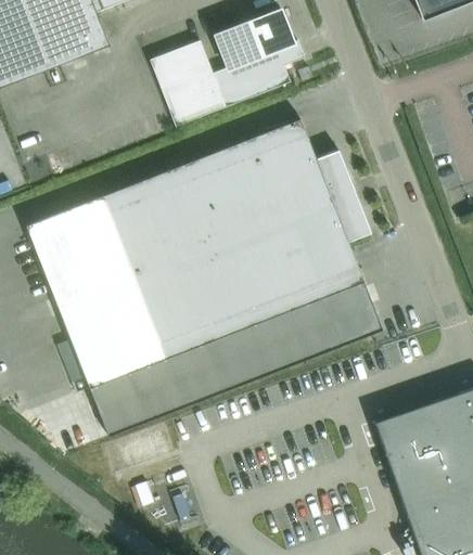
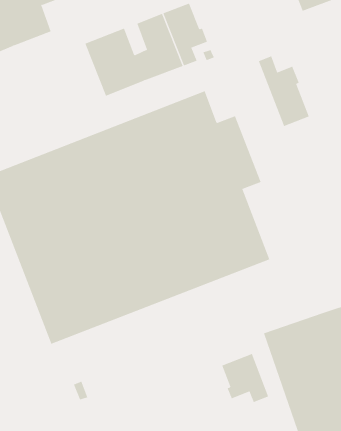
building: none -> [258,56,309,127]
building: none -> [222,353,269,403]

